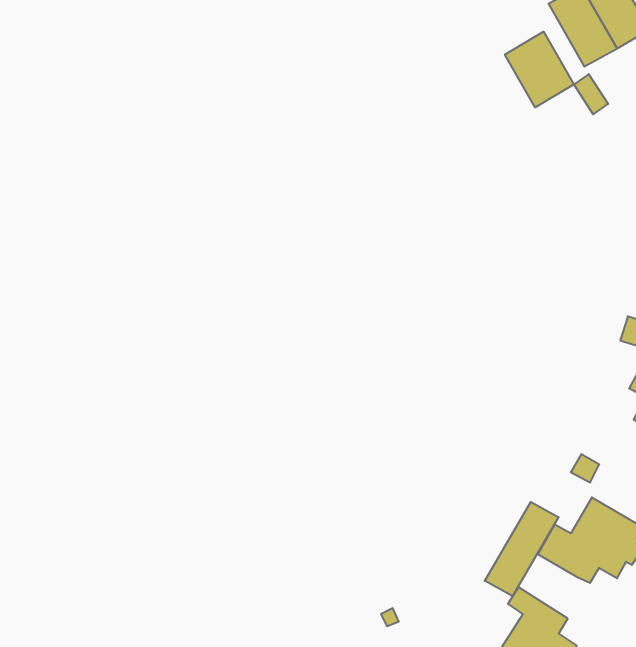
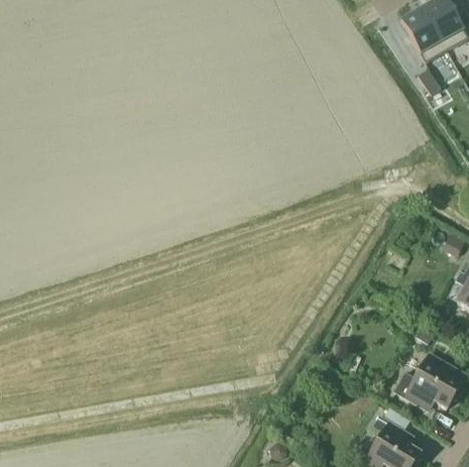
building: [505,32,574,107] -> none
building: [485,502,559,596] -> none

